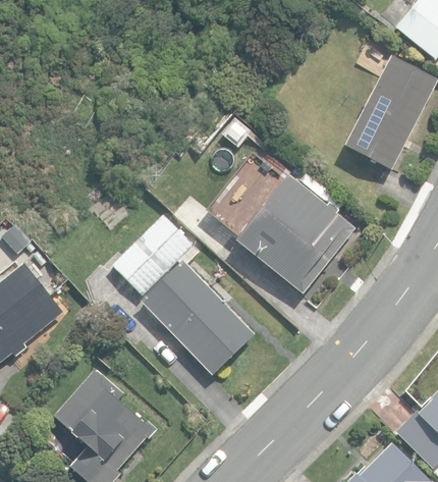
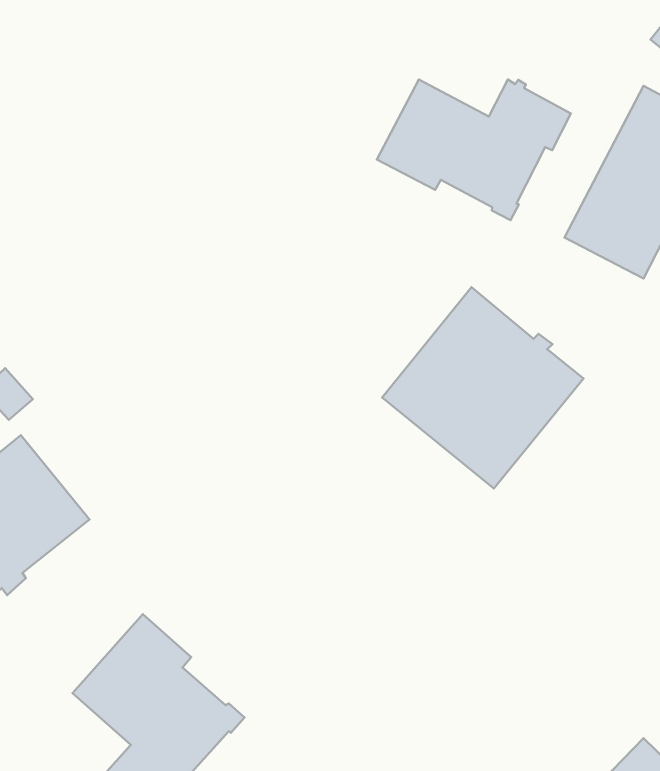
building: none -> [377,80,571,220]
building: [111,214,254,375] -> none

